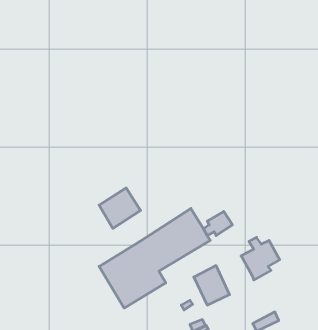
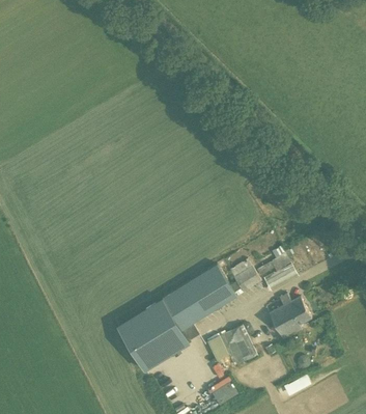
building: [99,188,141,228] -> none
building: none -> [255,253,295,289]

